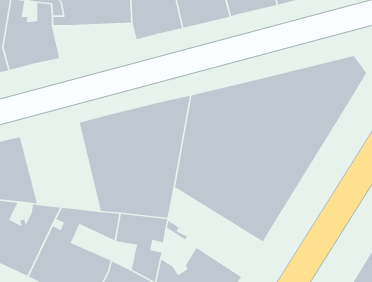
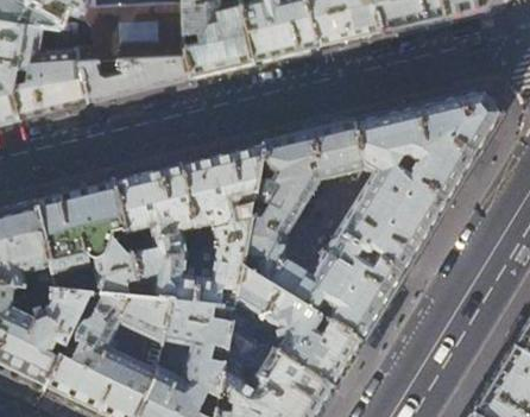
building: none -> [76,50,189,97]
building: none -> [33,183,140,303]
building: none -> [234,271,360,391]

